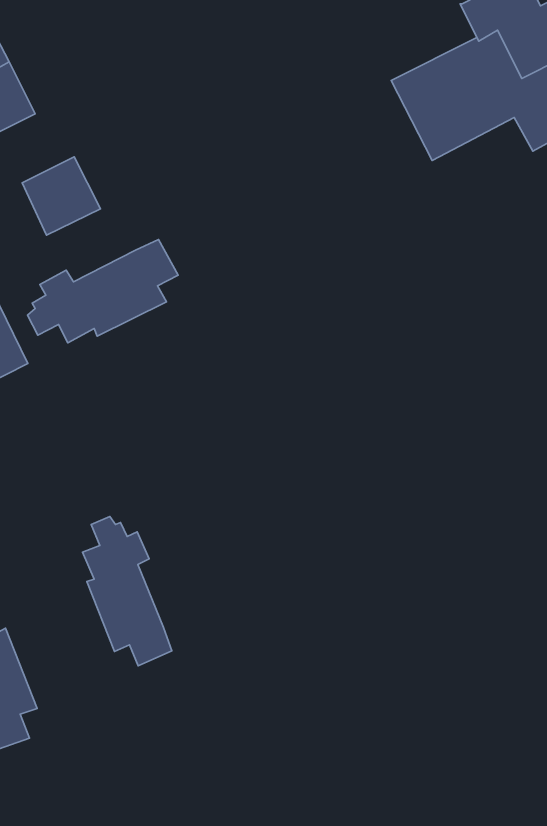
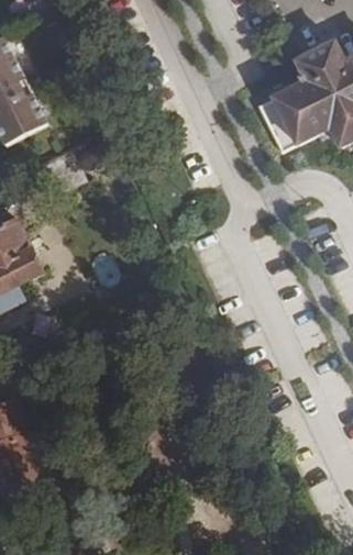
building: [27,240,178,343] -> none
building: [82,516,172,666] -> none

